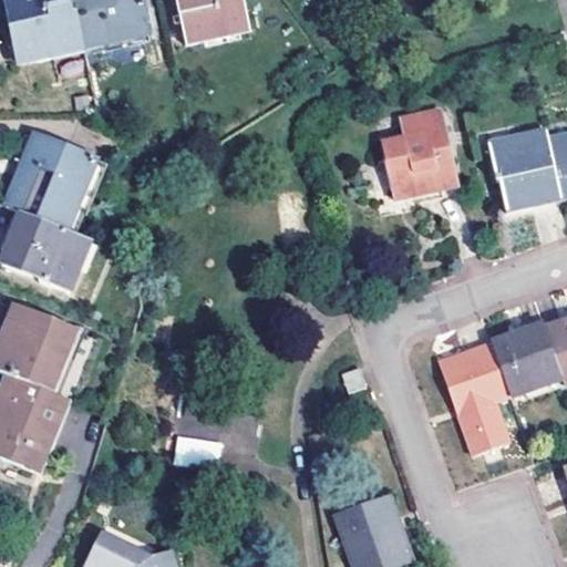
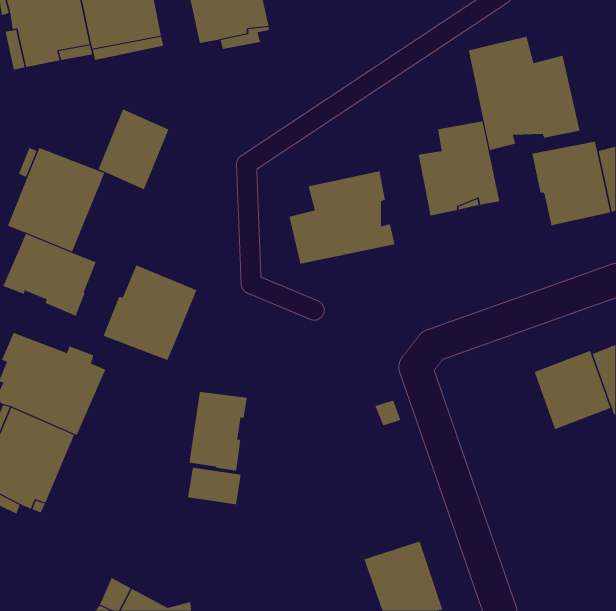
building: none -> [468,36,580,151]
building: none -> [98,109,169,190]
building: none -> [289,170,395,264]
building: none -> [103,264,197,361]
building: [437,341,509,453] -> none
building: none -> [189,391,247,472]

